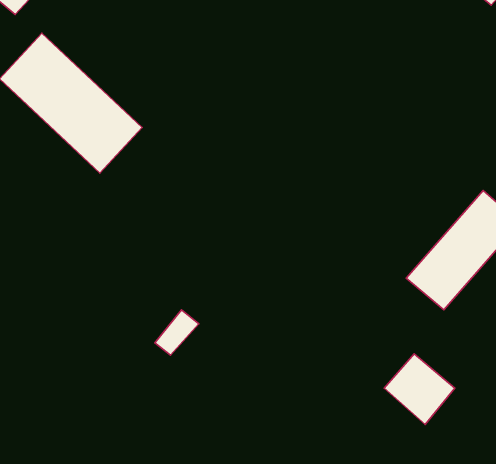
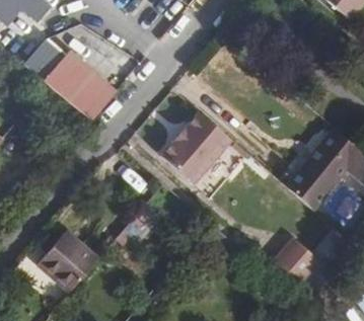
building: none -> [161,113,231,183]
building: none -> [40,233,99,292]

